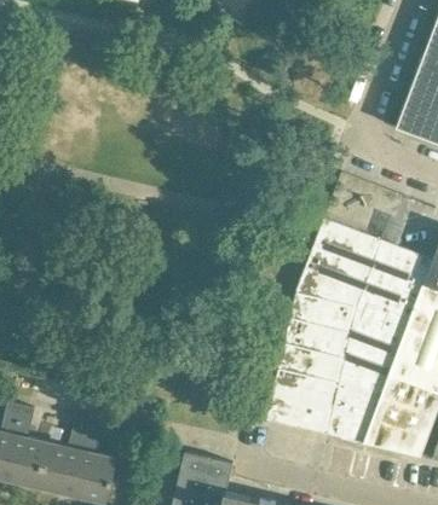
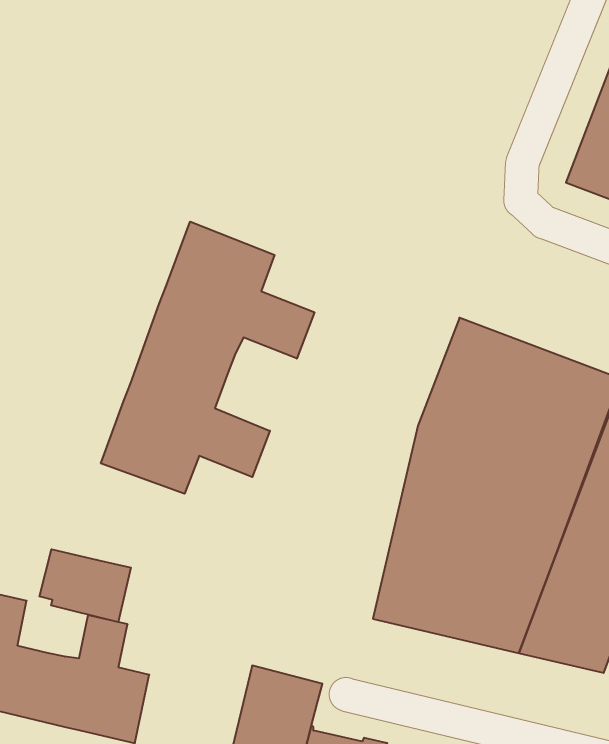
building: none -> [101,222,314,494]
building: none -> [39,549,131,622]

